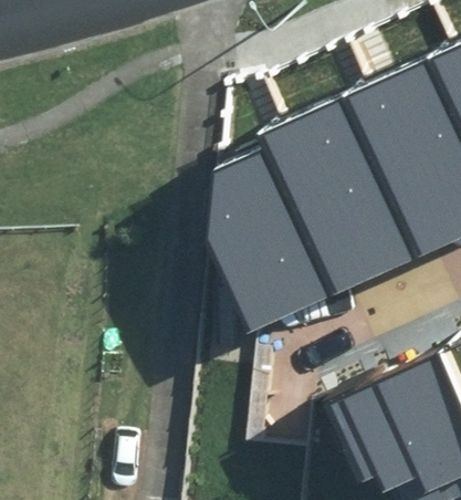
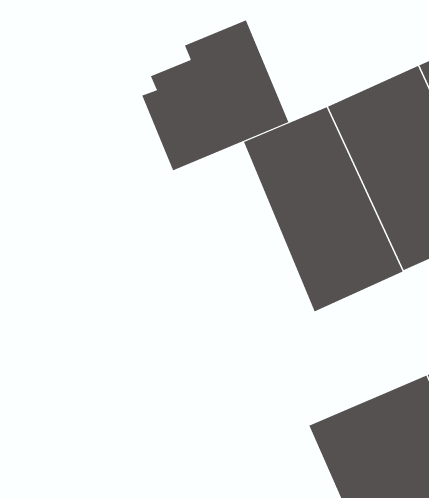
building: none -> [142,20,289,171]
building: [205,148,331,332] -> none

